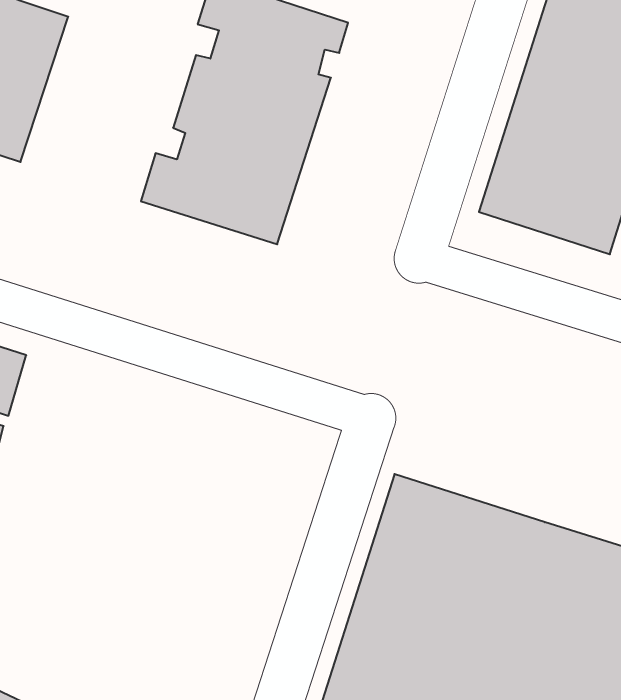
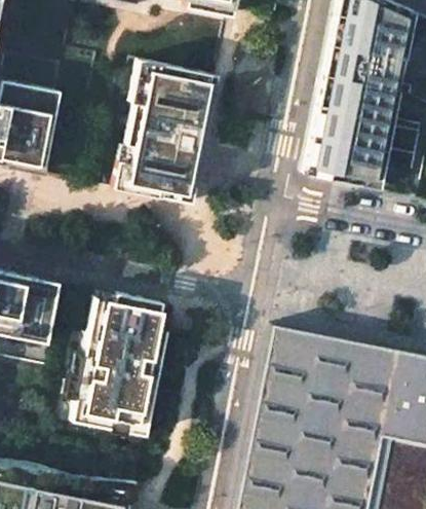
building: none -> [71,294,166,436]

